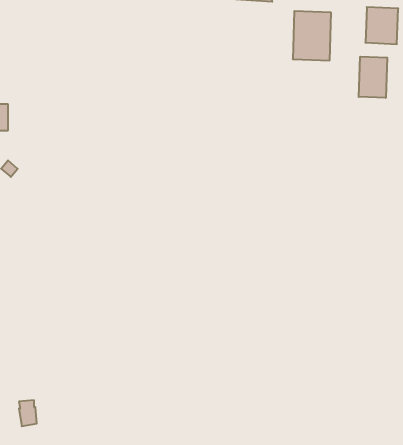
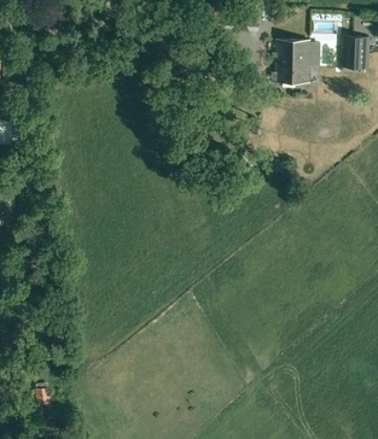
building: [359,57,387,98] -> none

